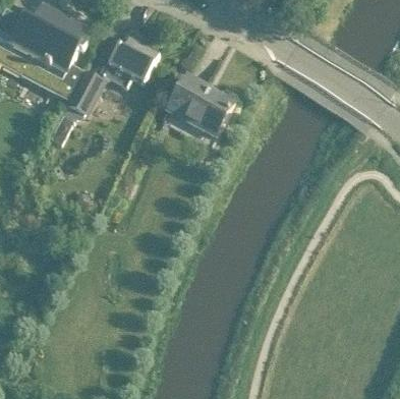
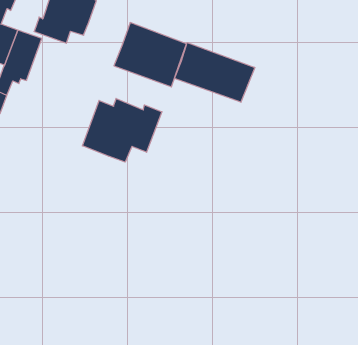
building: none -> [174,43,255,102]
building: none -> [82,98,162,162]

